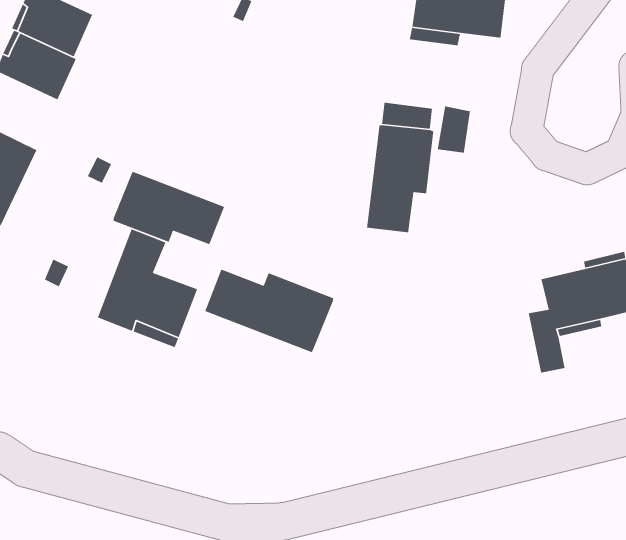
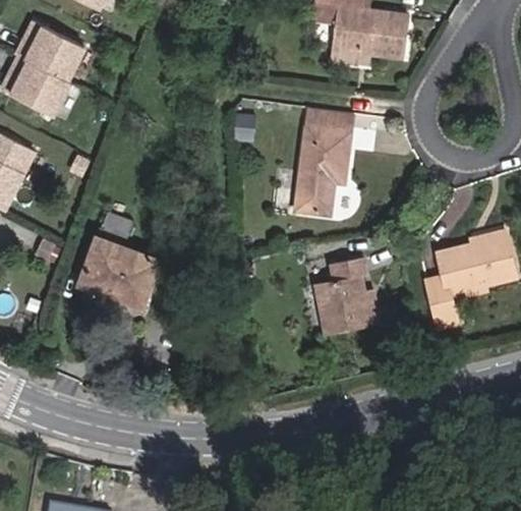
building: [113,171,225,245] -> none
building: [204,269,334,353] -> none
building: none -> [315,258,380,335]

